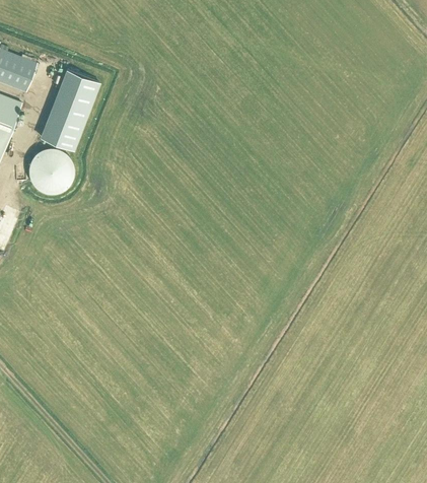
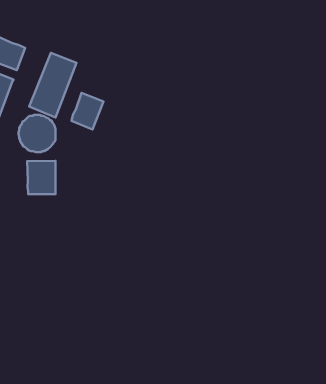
building: none -> [71,93,104,129]
building: none -> [27,161,55,194]

